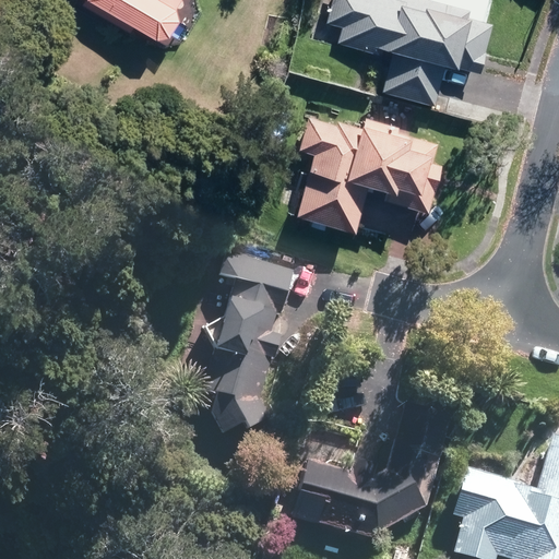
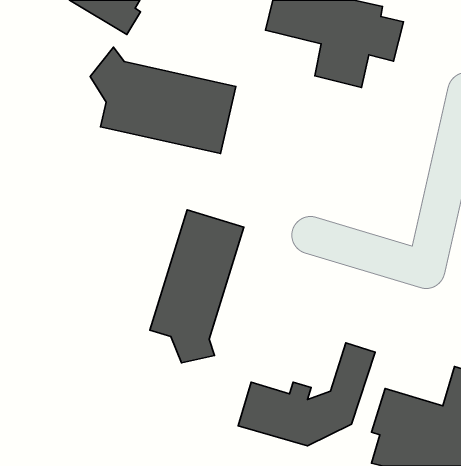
building: none -> [90,47,236,154]
building: [294,117,445,234] -> none

